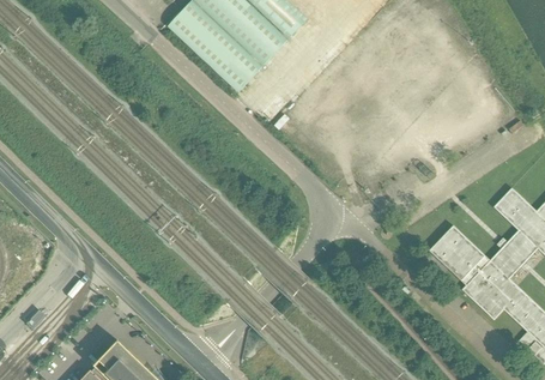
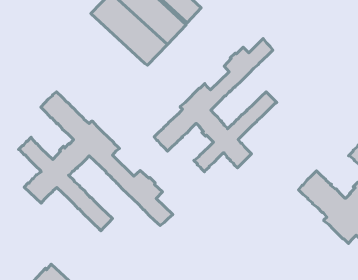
building: none -> [154,39,277,172]
building: none -> [19,92,173,231]

